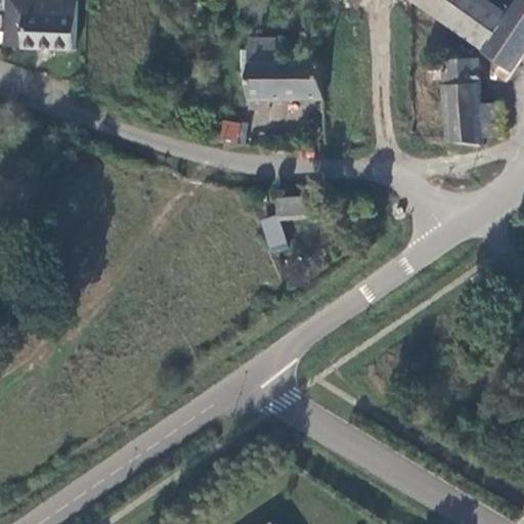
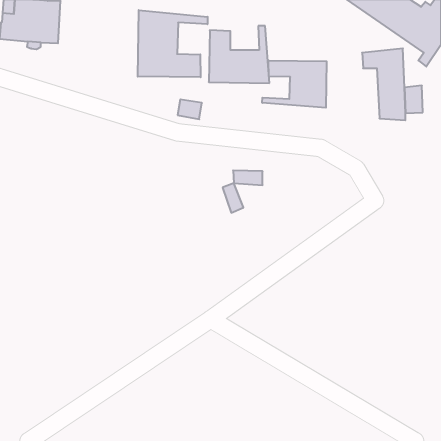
building: none -> [138,10,208,77]
building: none -> [262,60,327,108]

